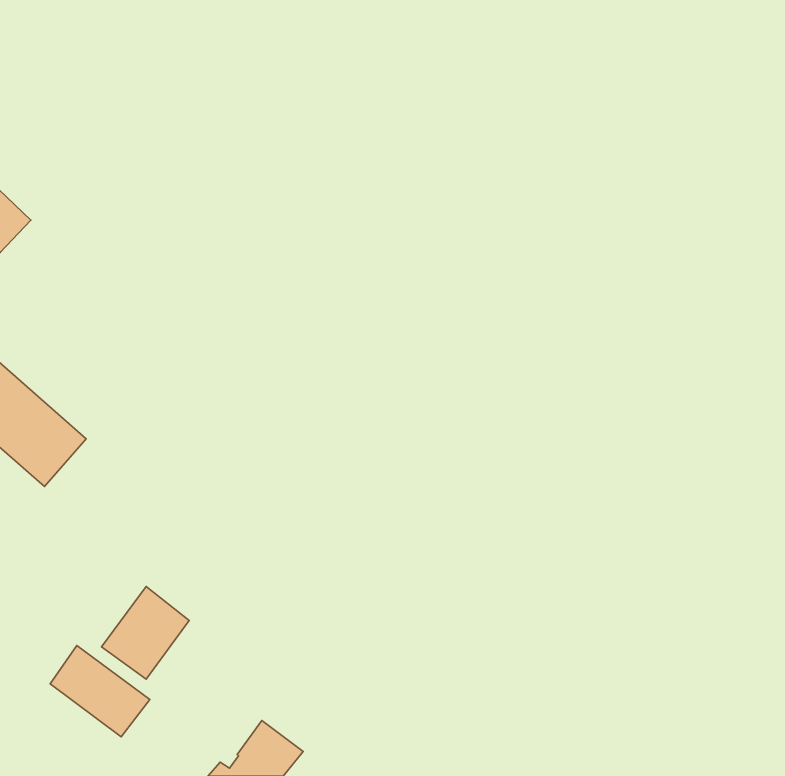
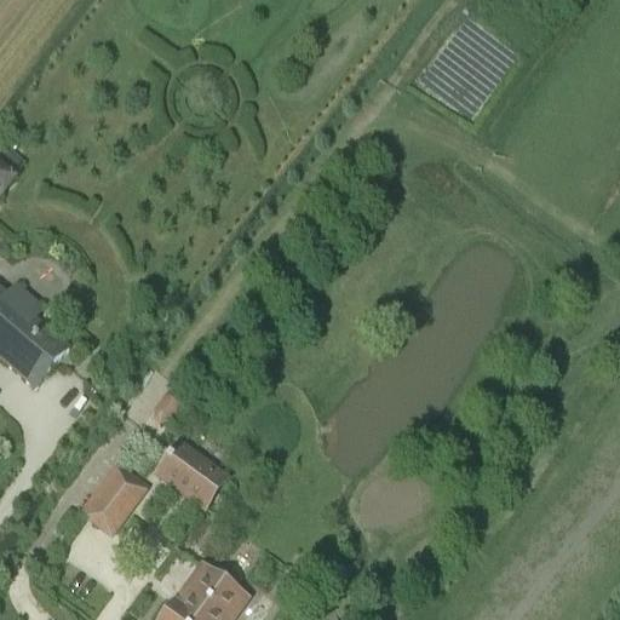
building: none -> [157,441,224,504]
building: [50,645,150,737] -> none

